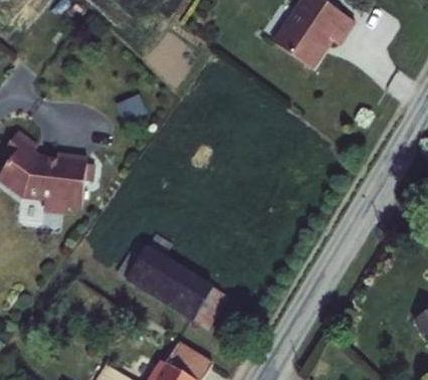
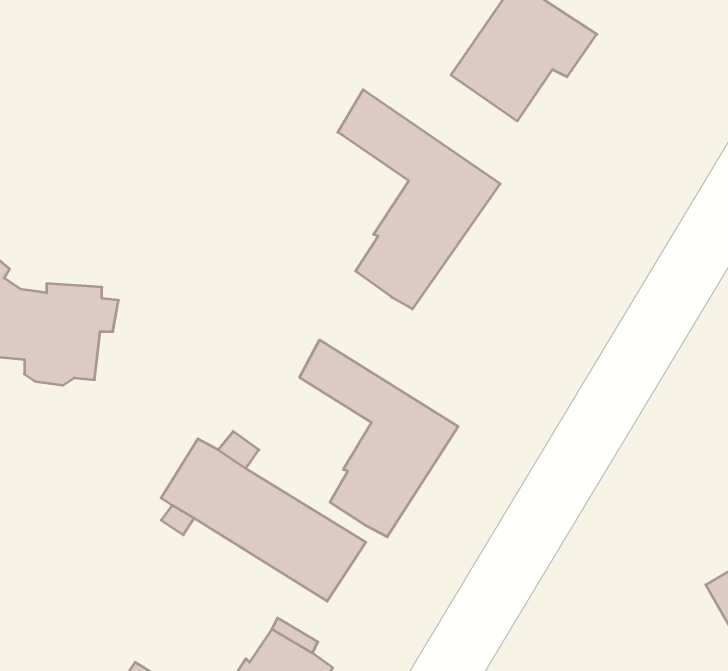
building: none -> [338,90,500,309]
building: none -> [300,340,458,537]

